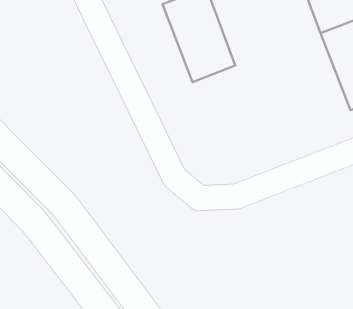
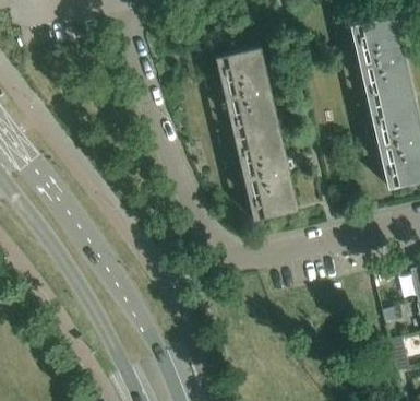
building: none -> [235,128,299,220]

